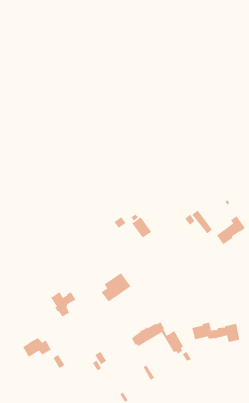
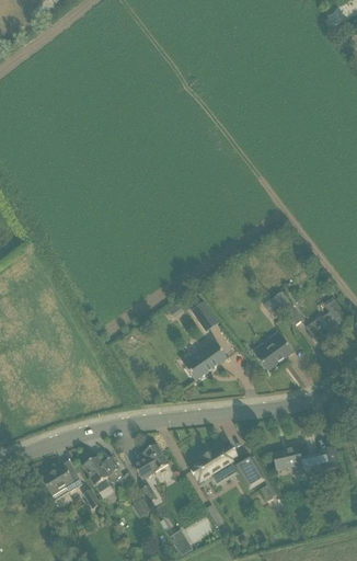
building: none -> [256,332,291,370]
building: [100,272,132,303] -> [184,339,227,380]
building: [50,291,77,318] -> [82,456,118,492]
building: none -> [131,444,168,479]

